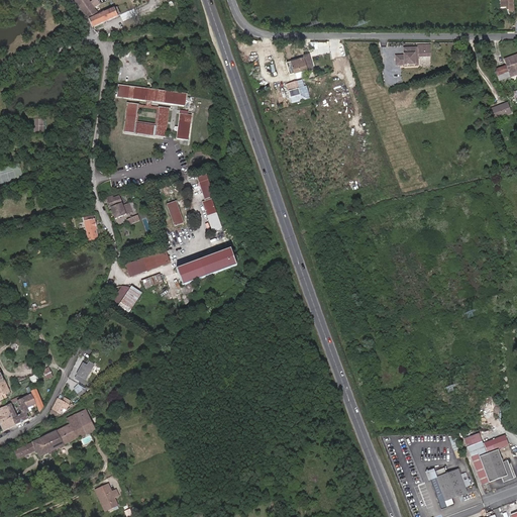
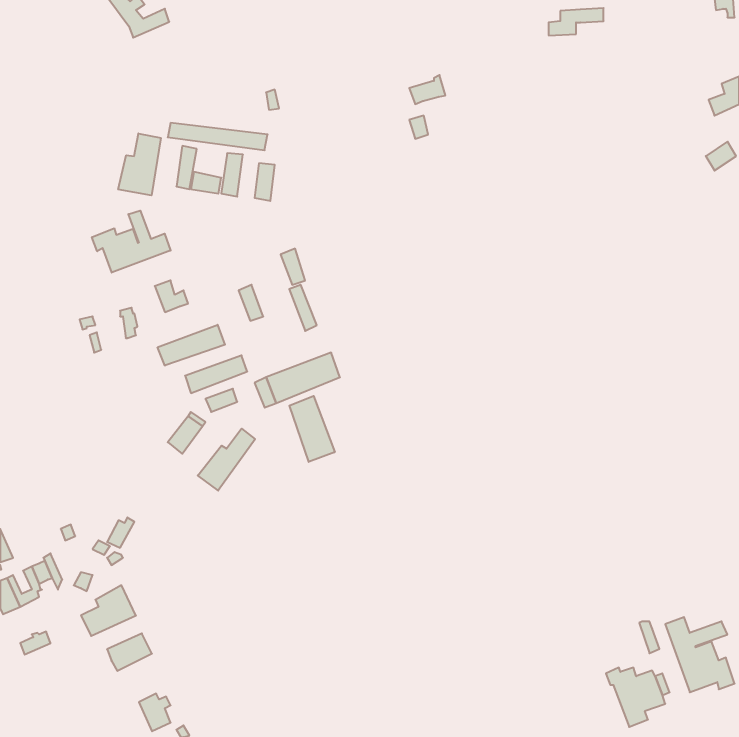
building: [393,47,431,67] -> [549,8,604,35]
building: none -> [118,133,161,195]
building: none -> [92,211,171,273]
building: none -> [158,325,225,366]
building: none -> [289,396,335,462]
building: none -> [198,429,255,491]
building: [32,430,64,456] -> [107,633,152,671]

